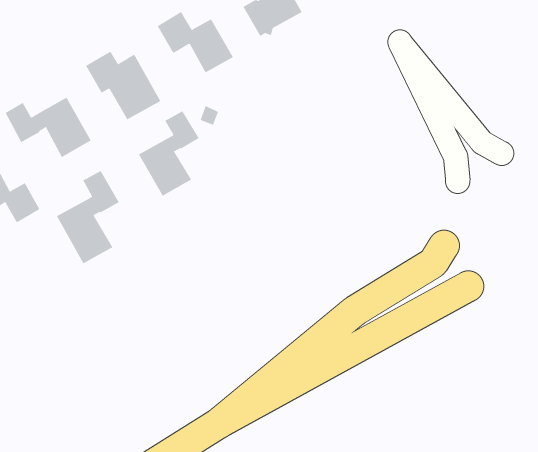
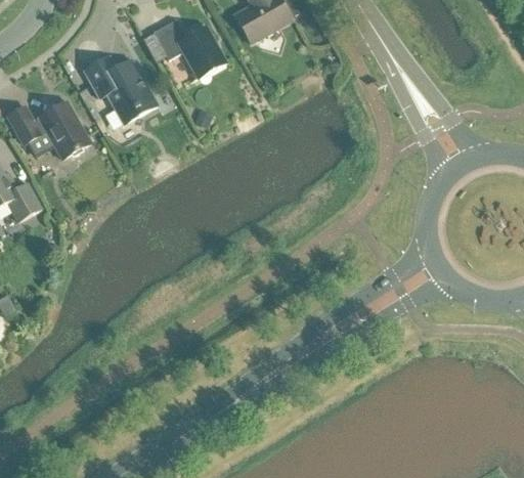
building: [138,110,199,196] -> none
building: [56,170,120,264] -> none

